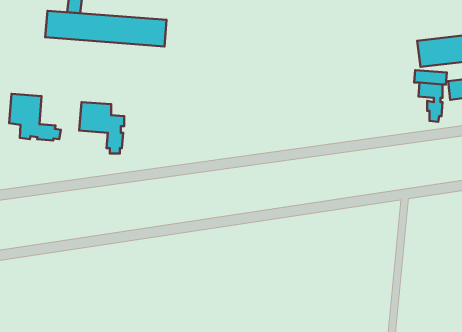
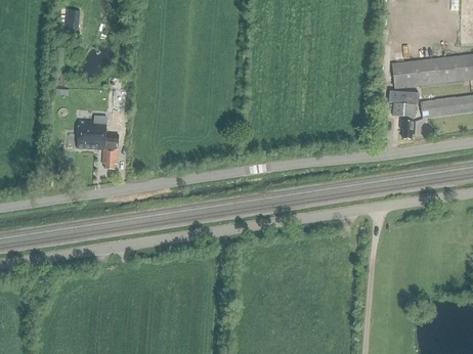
building: [45,11,167,46] -> none
building: [9,94,61,141] -> none

